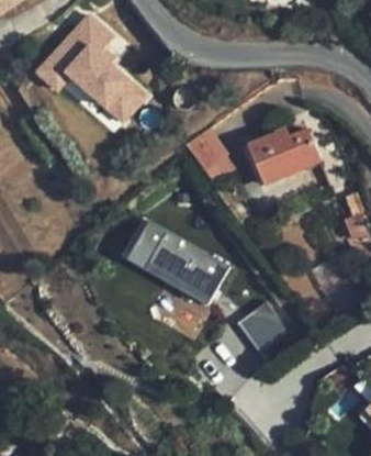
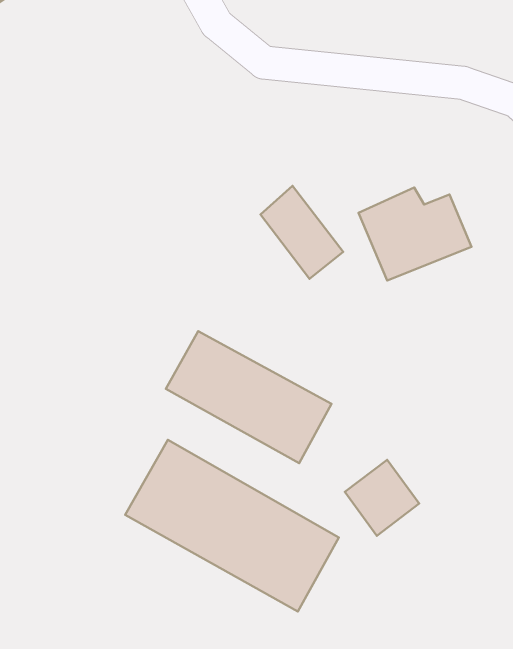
building: [36,13,148,122] -> none
building: none -> [125,440,339,611]

